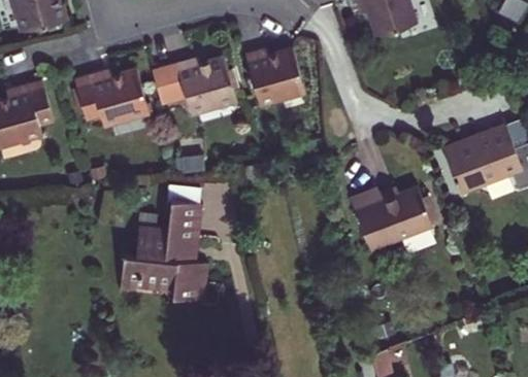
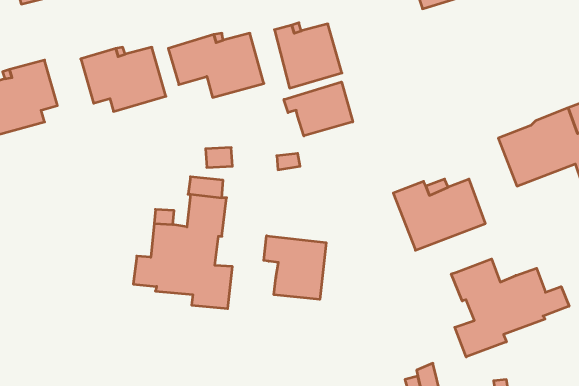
building: none -> [284,82,353,136]
building: none -> [264,236,326,299]
building: none -> [451,259,569,357]

